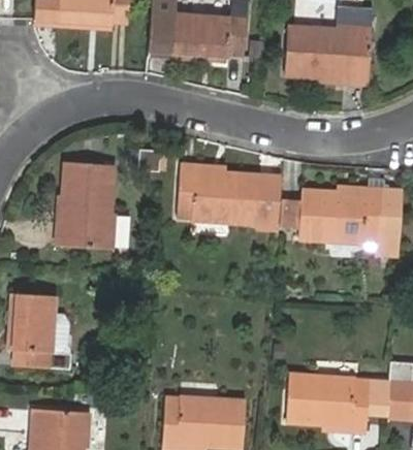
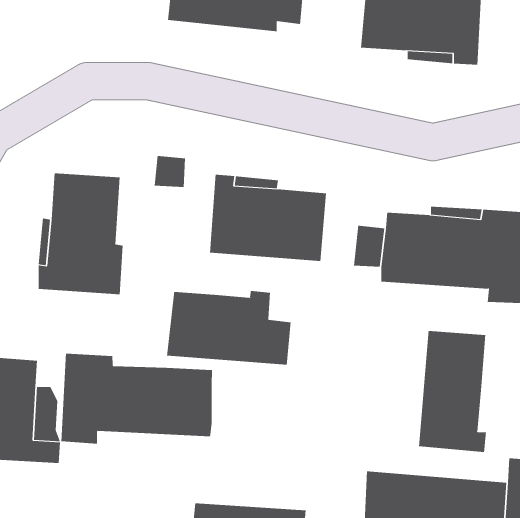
building: none -> [166,290,291,366]
building: none -> [418,330,486,453]
building: none -> [61,353,213,444]

